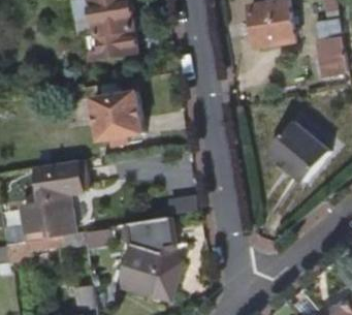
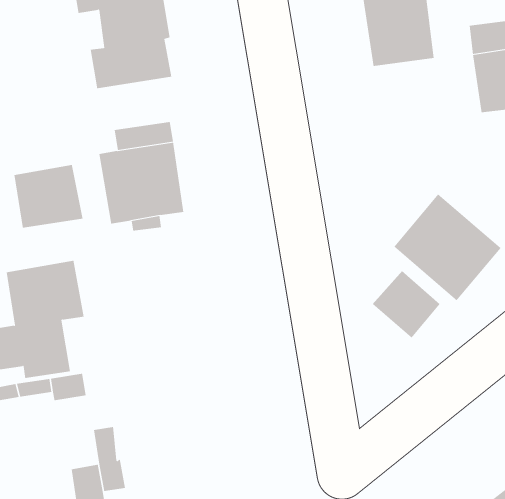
building: none -> [14,164,83,228]
building: none -> [372,270,440,339]
building: [121,217,182,302] -> none

